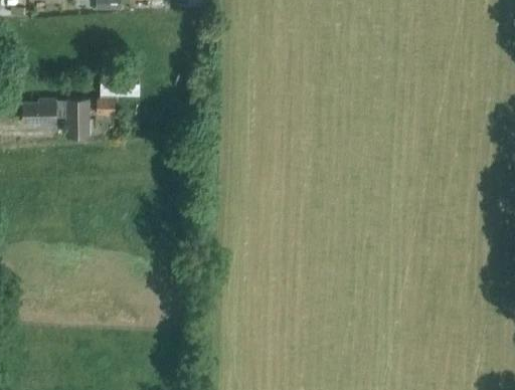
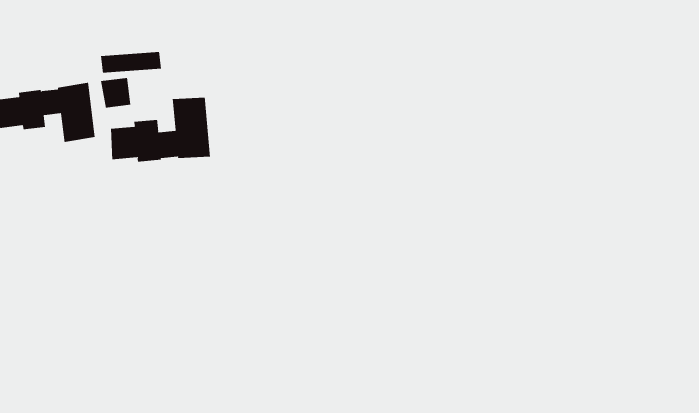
building: none -> [111,97,211,163]

